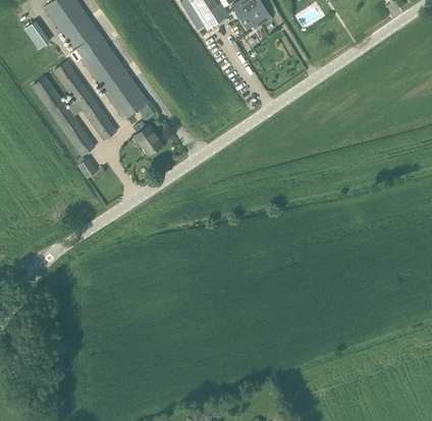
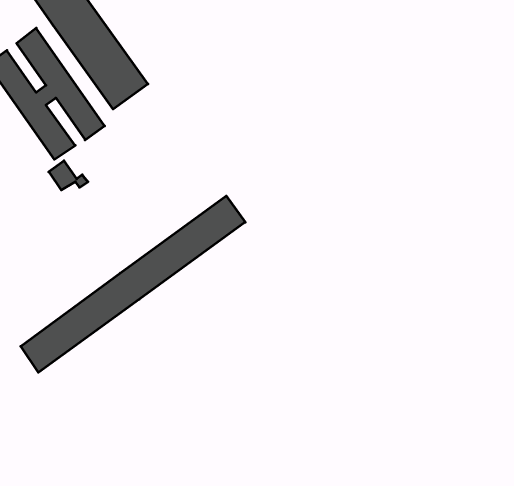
building: [133,122,164,155] -> none
building: none -> [21,196,245,372]

